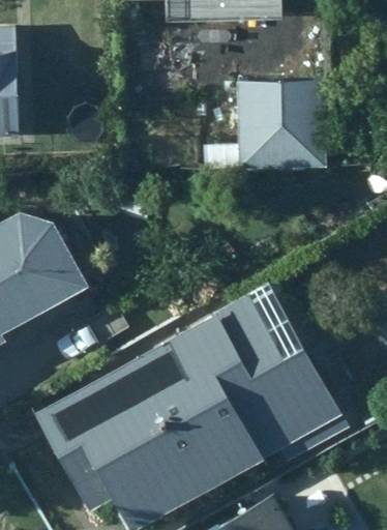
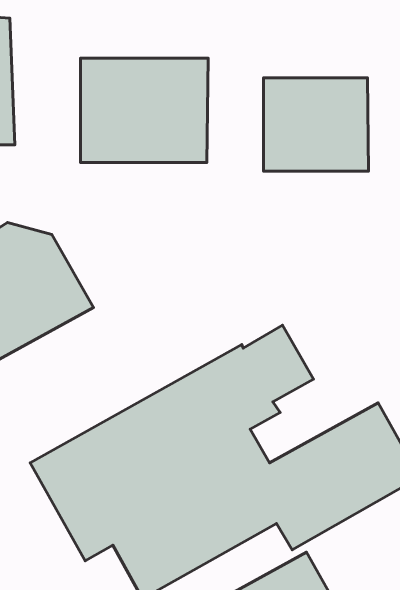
building: none -> [81,58,208,163]

